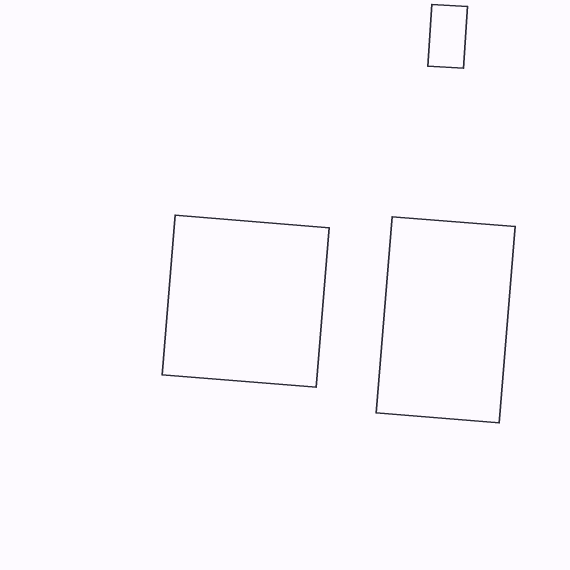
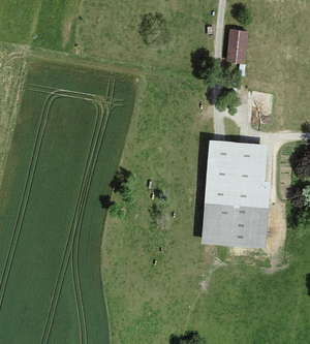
building: [162,215,329,387] -> none

